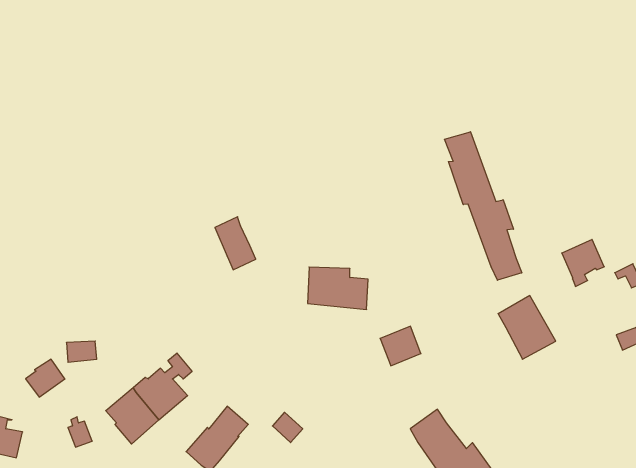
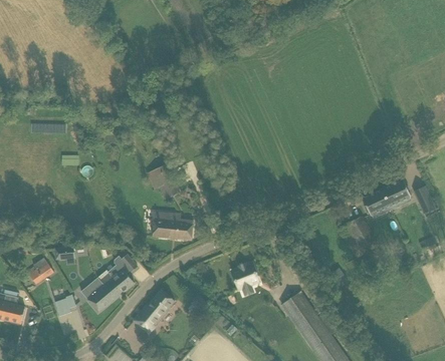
building: [445,132,522,280] -> none
building: none -> [364,188,391,218]
building: [308,267,368,309] -> [154,212,194,240]
building: [380,326,421,366] -> [233,263,260,289]

